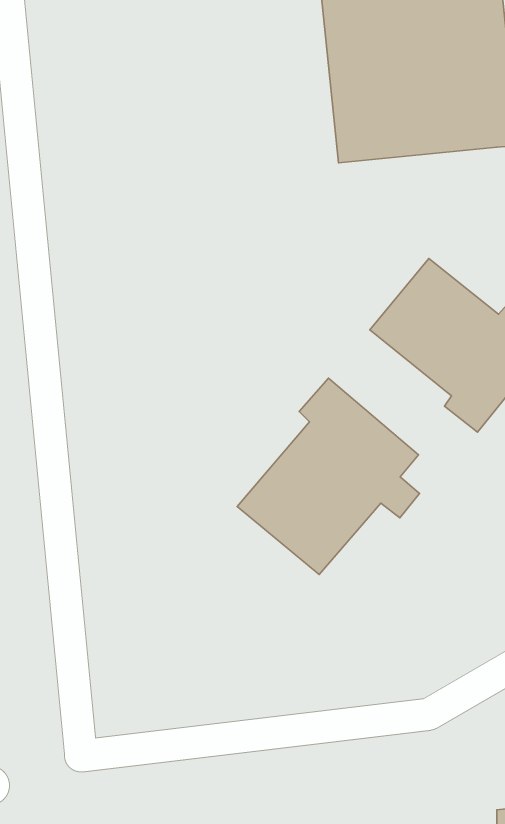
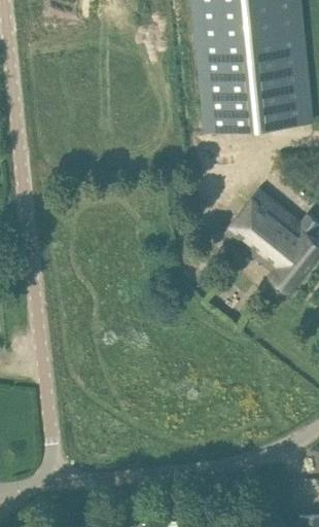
building: [237,378,420,574] -> none

